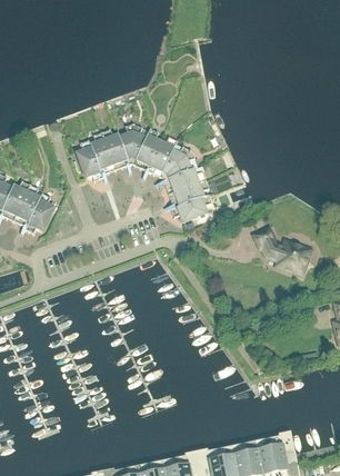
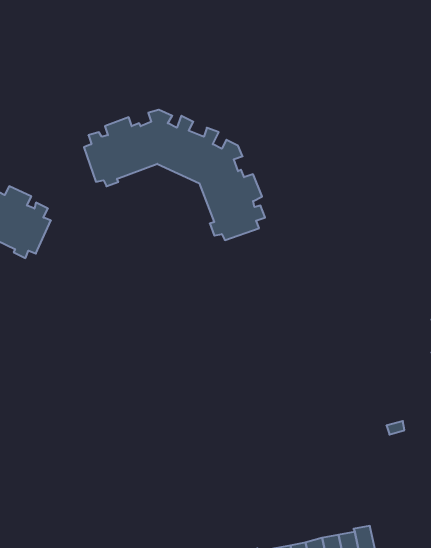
building: [253,228,310,270] -> none

